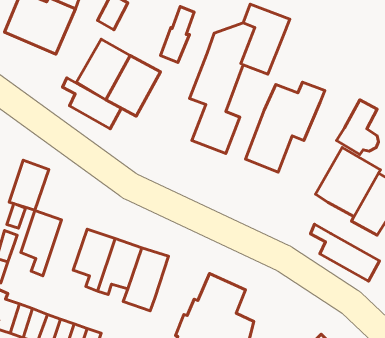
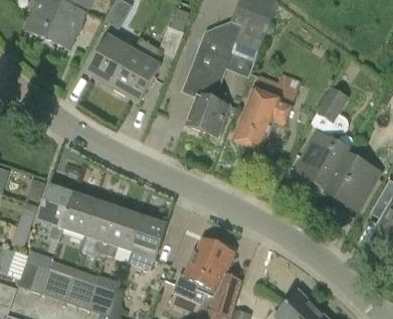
building: [62,78,121,129] -> none
building: [9,160,49,210] -> [62,191,96,234]
building: [310,224,380,281] -> none

